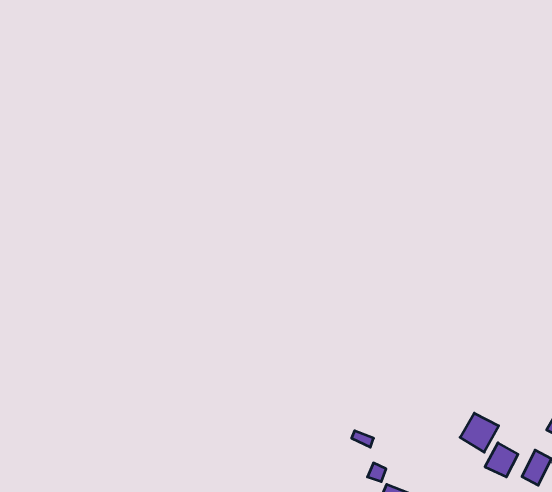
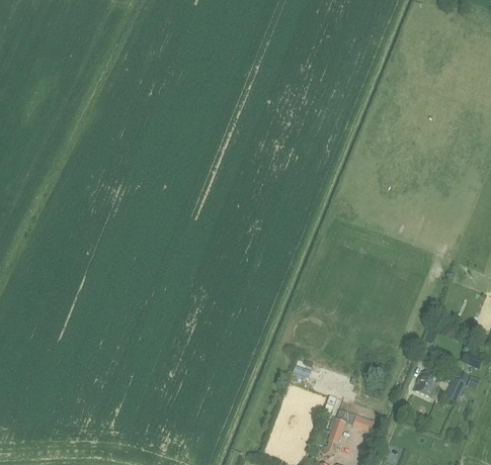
building: [460,413,499,452] -> none

